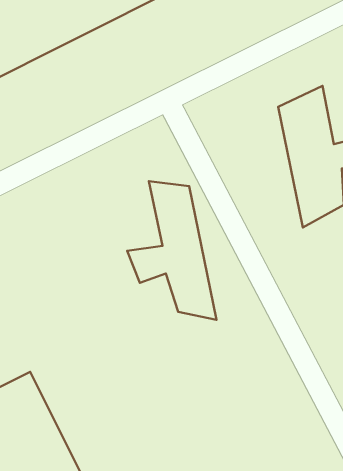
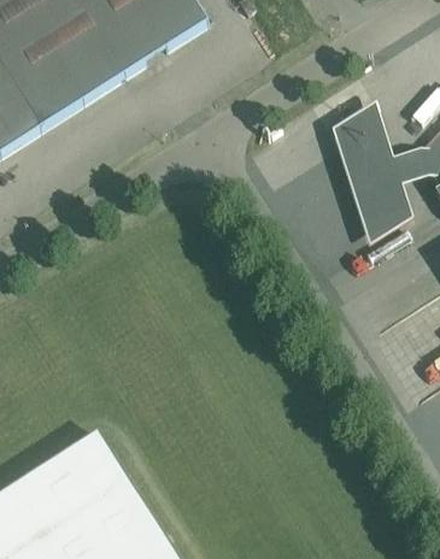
building: [127,181,216,320] -> none

